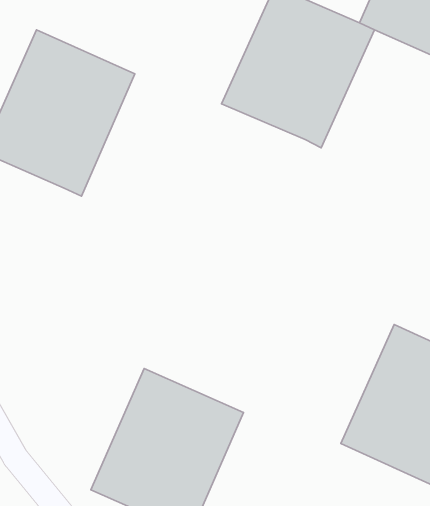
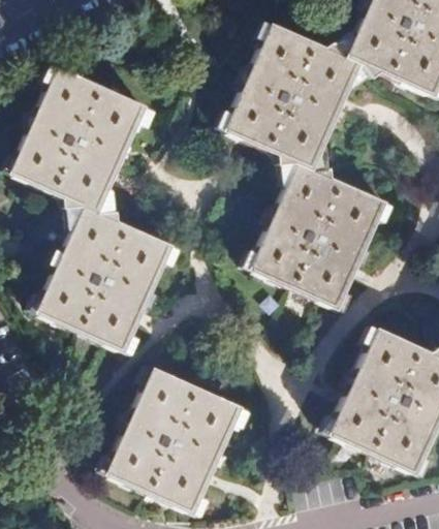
building: none -> [248,161,385,309]
building: none -> [34,205,169,351]

